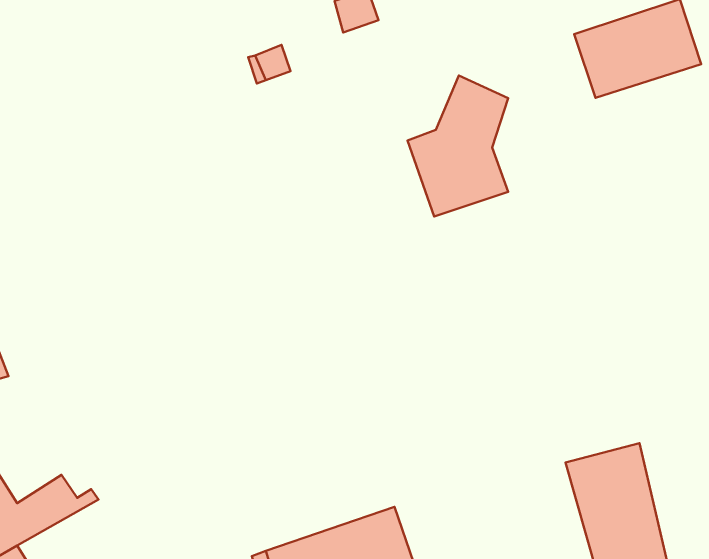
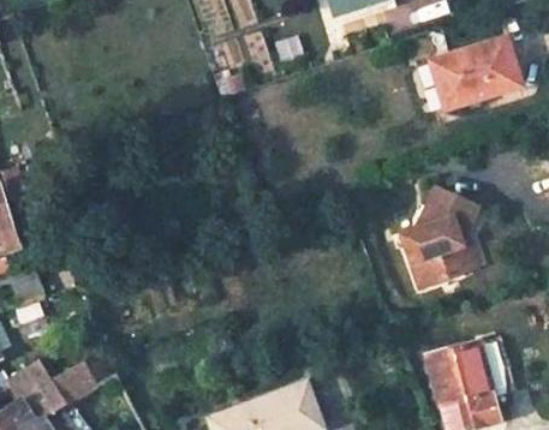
building: [408,75,508,216] -> [405,187,473,283]

